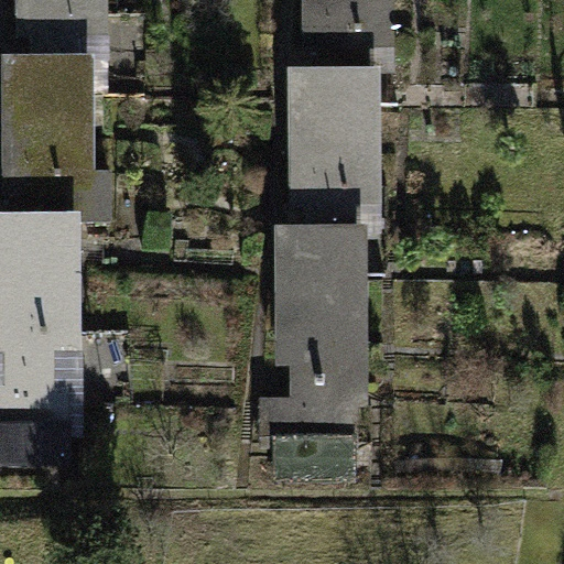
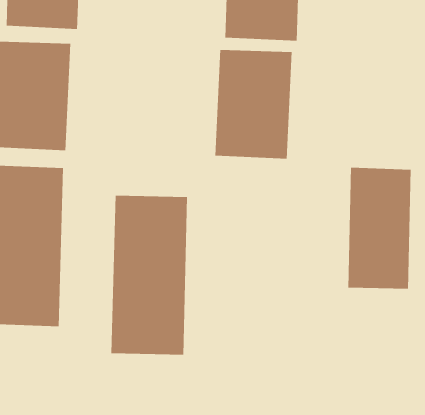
building: none -> [348,167,411,290]
building: [270,229,371,440] -> [111,195,188,355]

